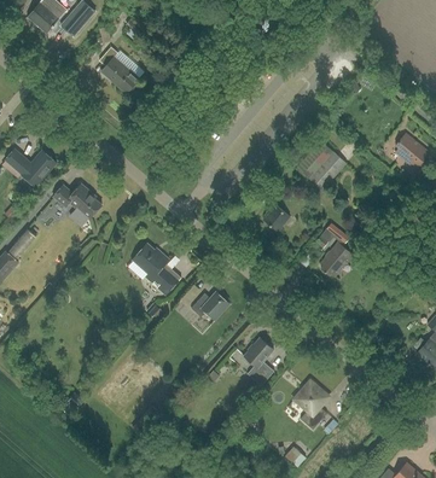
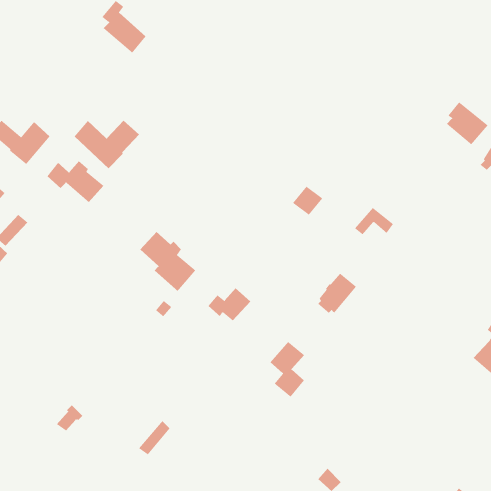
building: [295,140,345,190] -> none
building: none -> [74,120,140,169]
building: [319,240,353,275] -> [317,273,357,314]
building: [293,380,327,429] -> none

